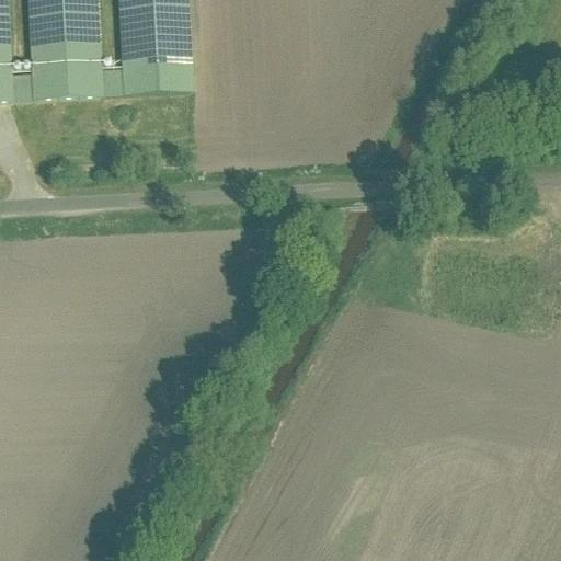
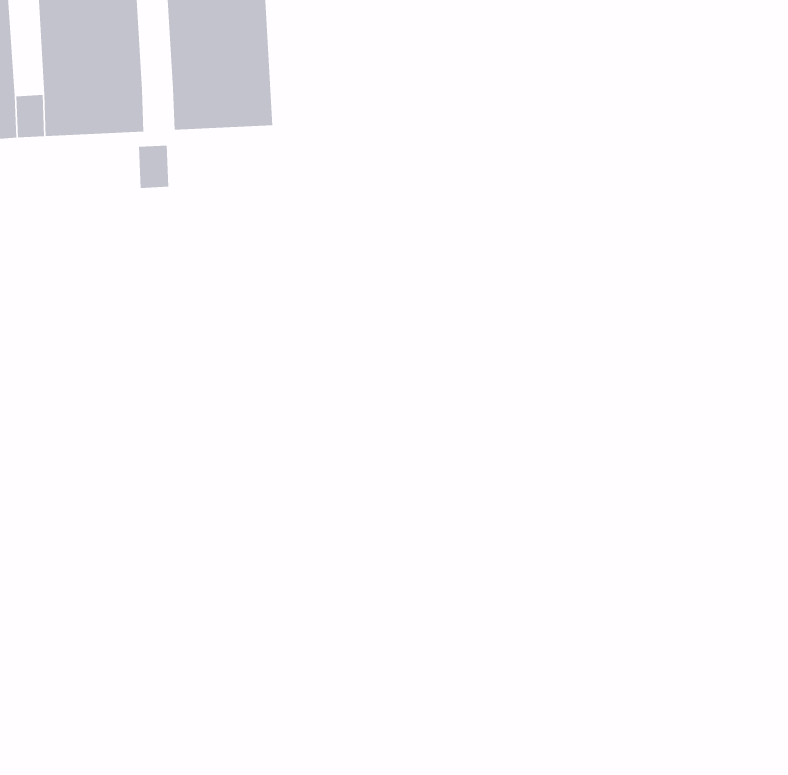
building: [101,62,123,93] -> [138,145,169,188]

